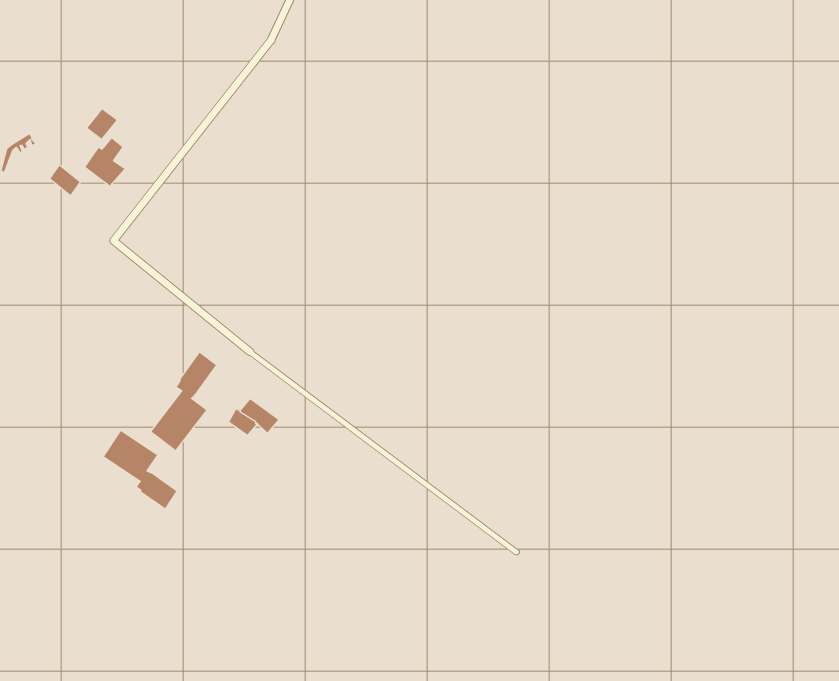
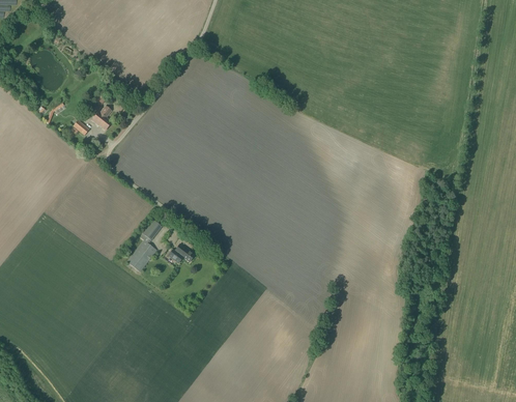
building: [103,430,177,509] -> none

